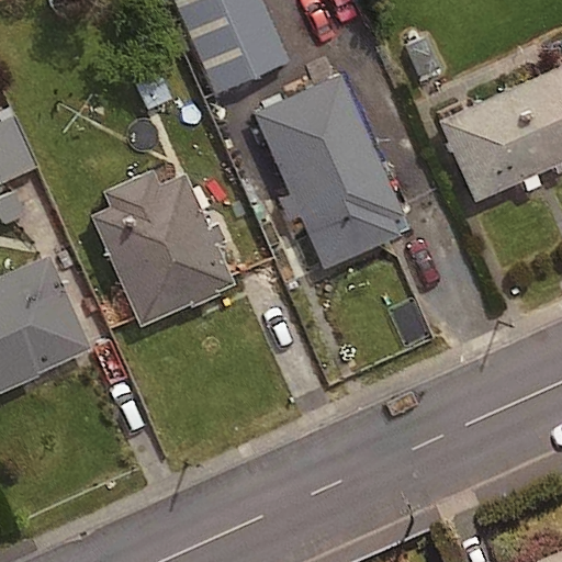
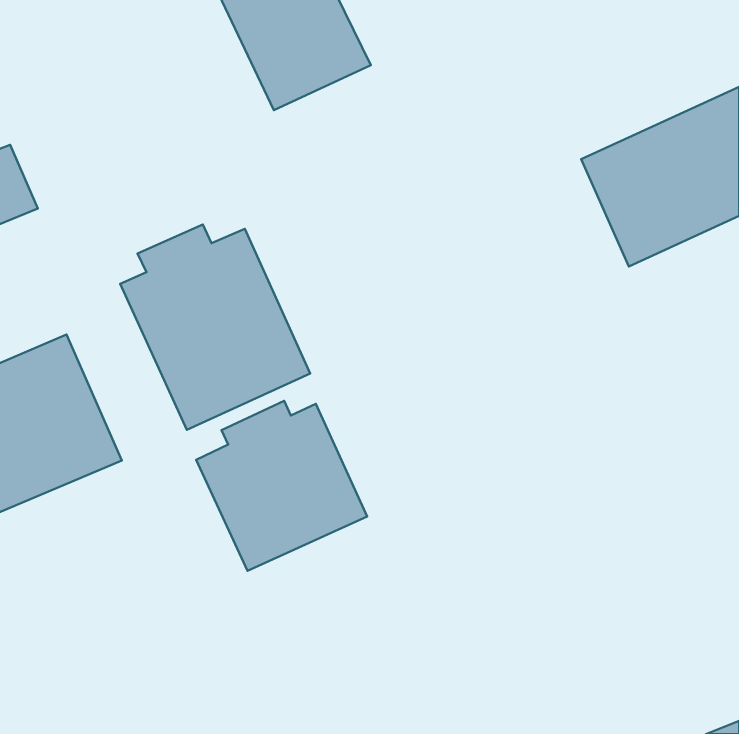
building: [256,75,405,269] -> none
building: none -> [196,401,367,571]

